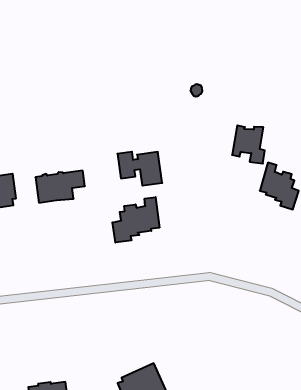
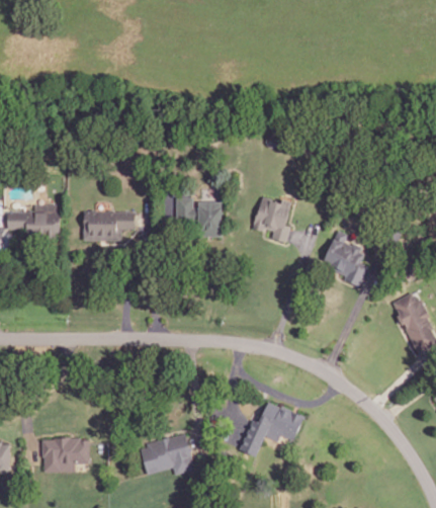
building: [232,125,265,164] -> [253,196,291,242]
building: [112,197,159,243] -> none
building: none -> [239,402,303,455]

